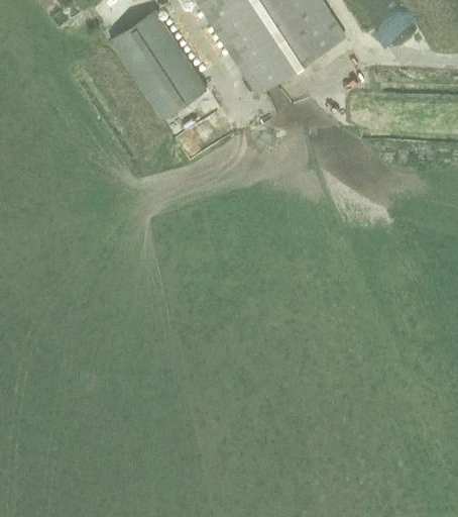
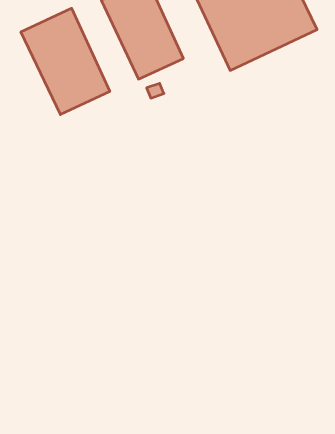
building: none -> [21,8,110,115]

